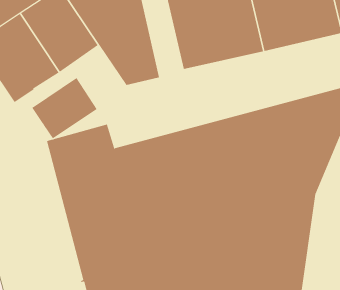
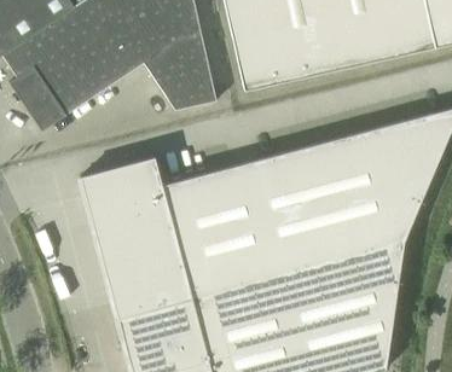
building: [32,77,97,139] -> none

